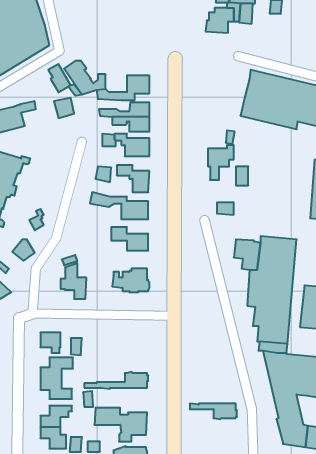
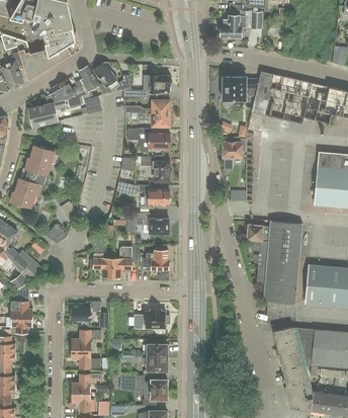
building: none -> [222,76,259,100]
building: none -> [46,79,88,104]
building: none -> [111,244,137,277]
building: none -> [134,309,169,328]
building: [190,404,237,419] -> [125,357,168,371]

